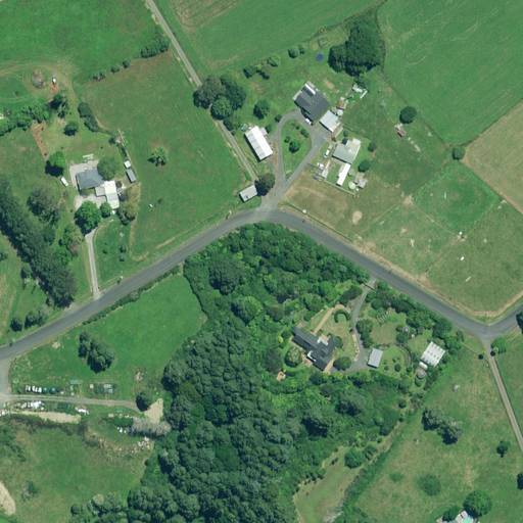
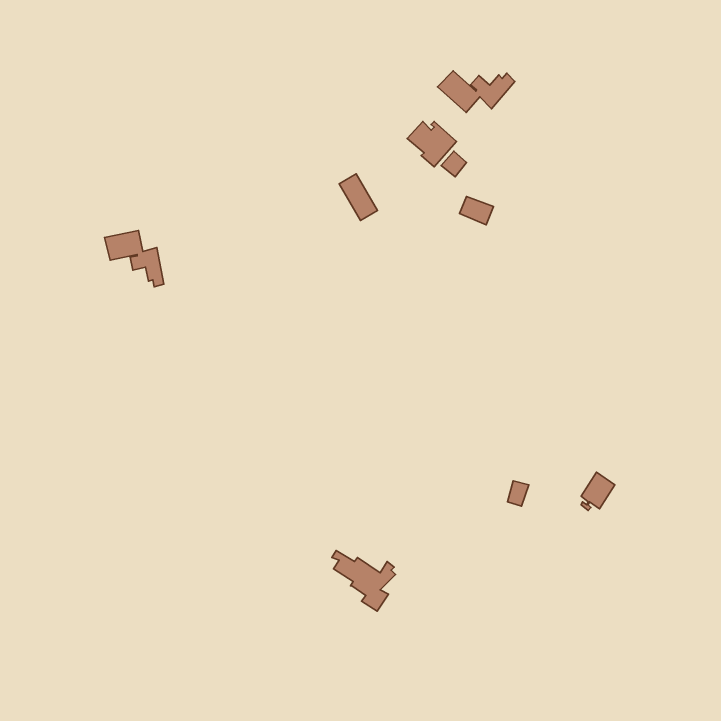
building: none -> [437,71,515,113]
building: [291,326,337,370] -> [332,550,396,611]

